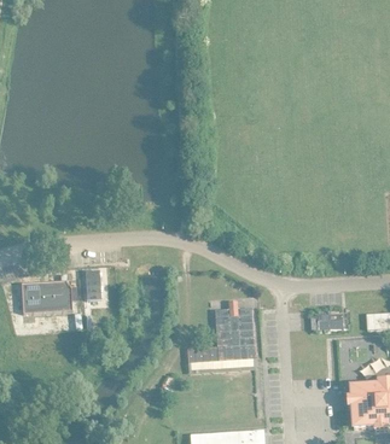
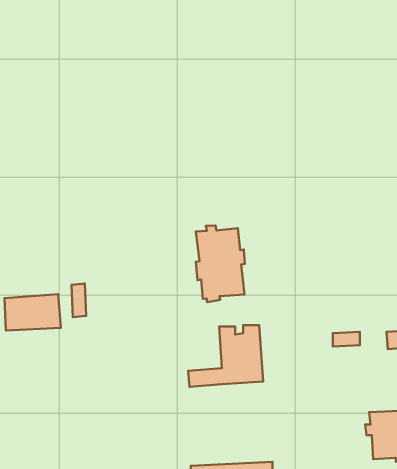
building: none -> [196,225,245,302]

